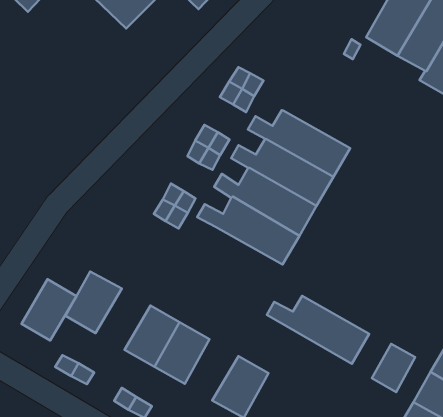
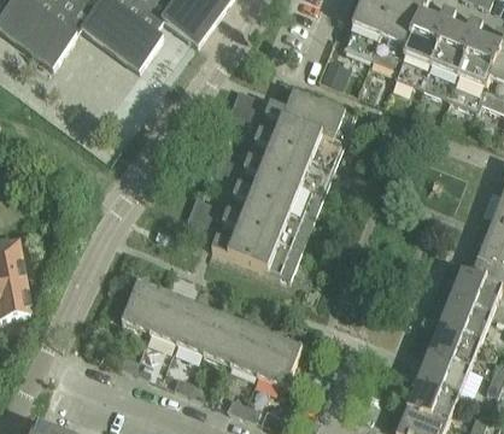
building: none -> [265,87,354,140]
building: [21,279,76,341] -> [150,287,193,339]
building: [267,296,369,364] -> [211,223,300,275]
building: none -> [232,319,274,371]
building: [372,344,415,392] -> none

